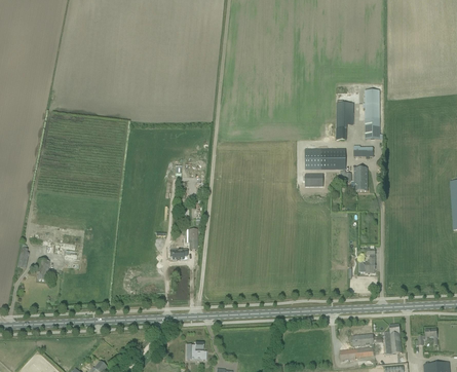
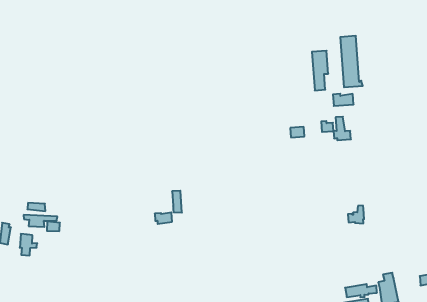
building: [304,149,345,170] -> none

